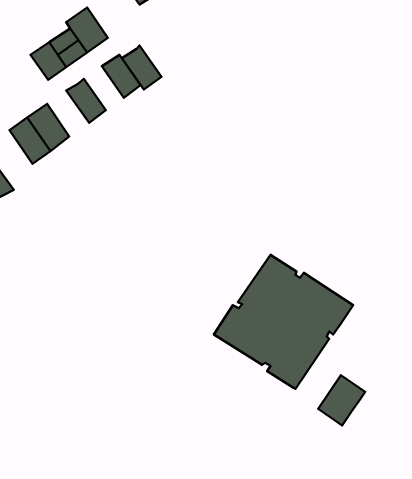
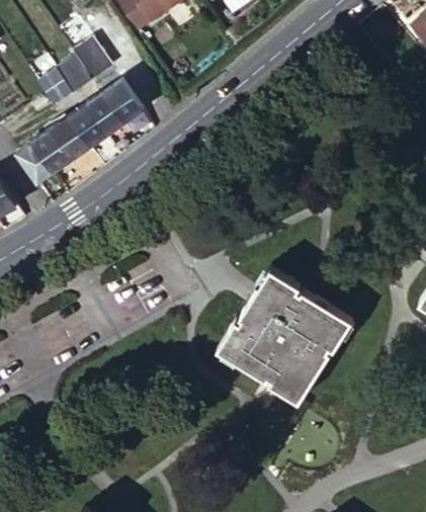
building: [122,46,162,90] -> [90,91,129,134]
building: none -> [55,114,95,159]
building: [318,375,365,425] -> none

